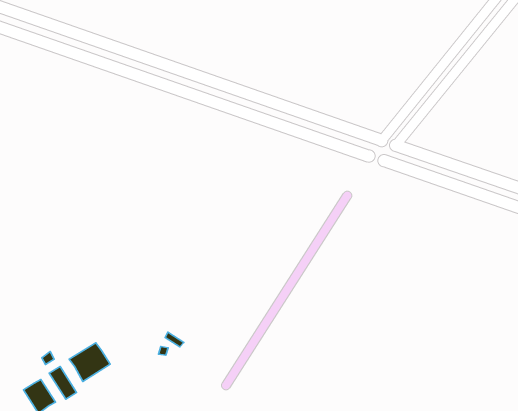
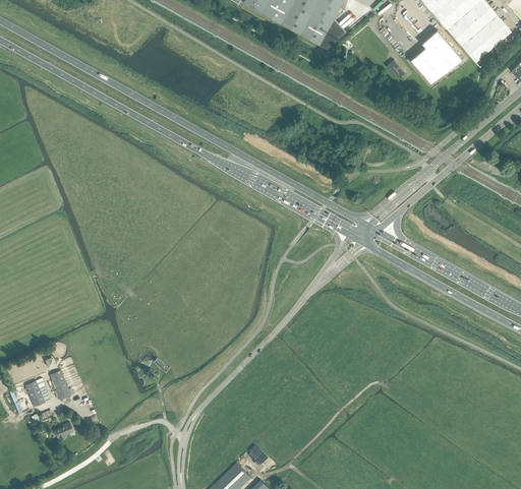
building: [69,343,110,381] -> none

